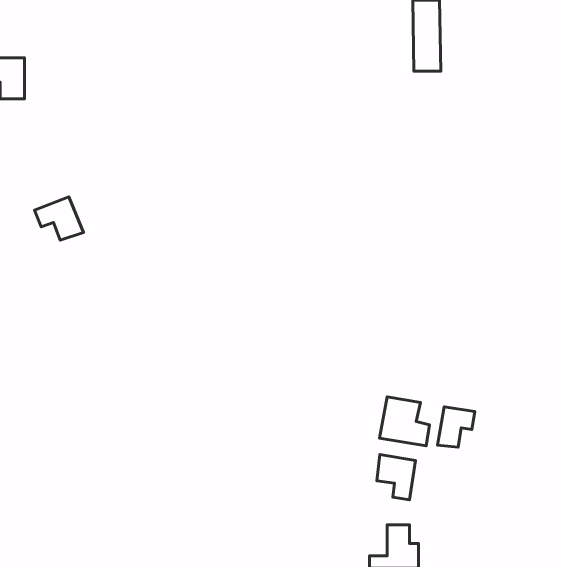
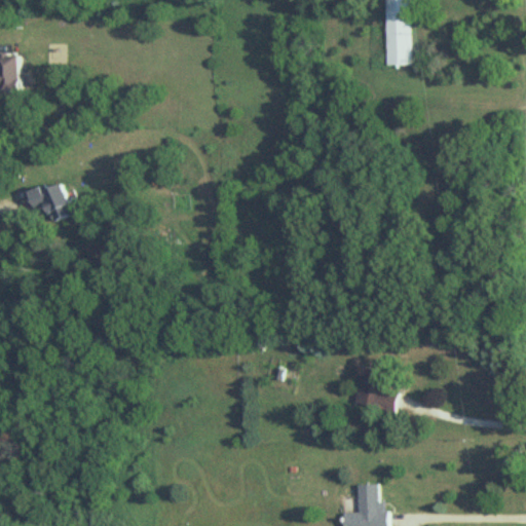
building: [437,407,475,447] -> none
building: [377,454,416,500] -> none

